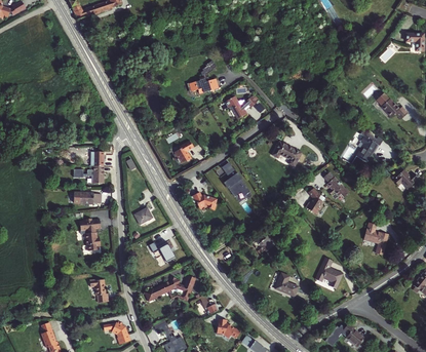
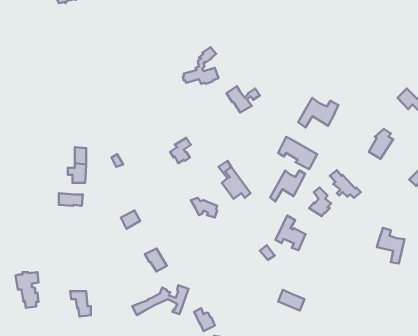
building: none -> [298,98,339,128]
building: none -> [270,170,305,202]
building: [79,219,100,250] -> [16,272,39,308]
building: [315,257,342,287] -> [276,216,305,250]

